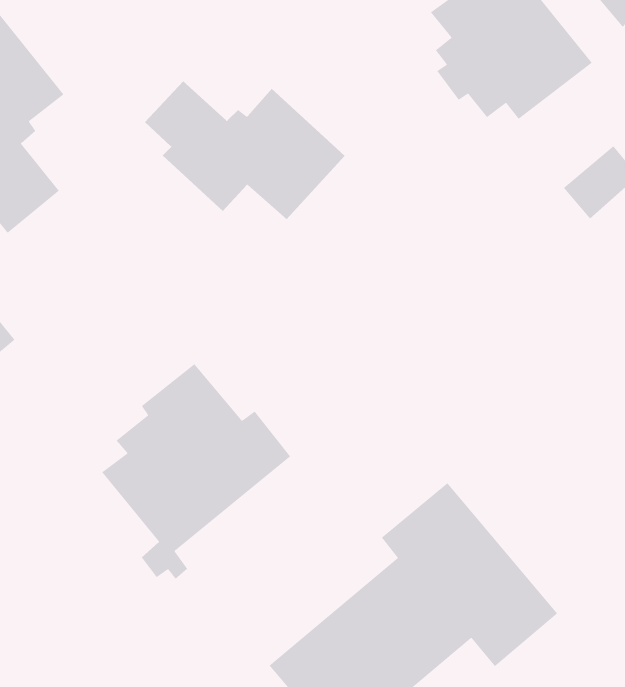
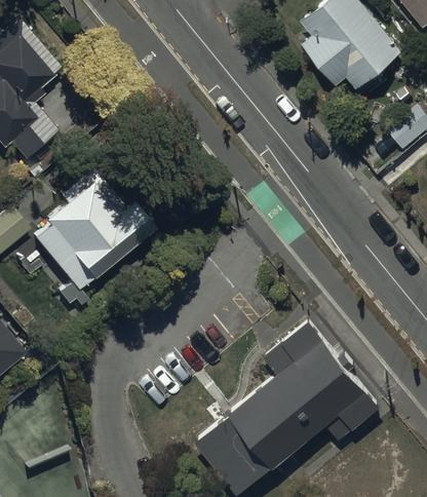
building: [144,81,346,220] -> none
building: [101,363,291,580] -> [32,167,155,308]

